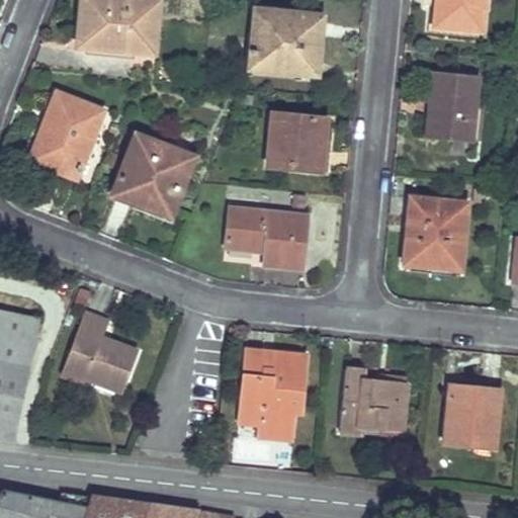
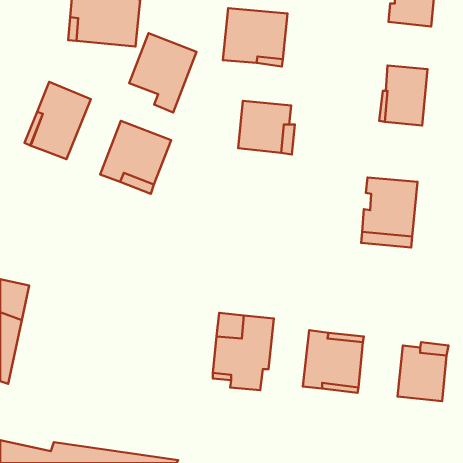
building: none -> [129,33,197,112]
building: [226,206,308,268] -> none
building: [61,312,138,391] -> none

